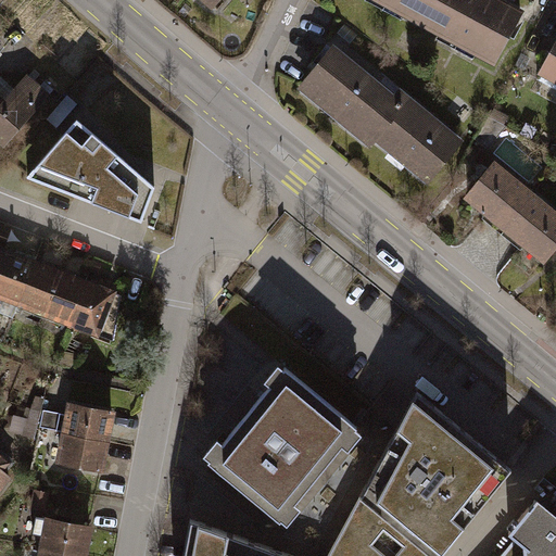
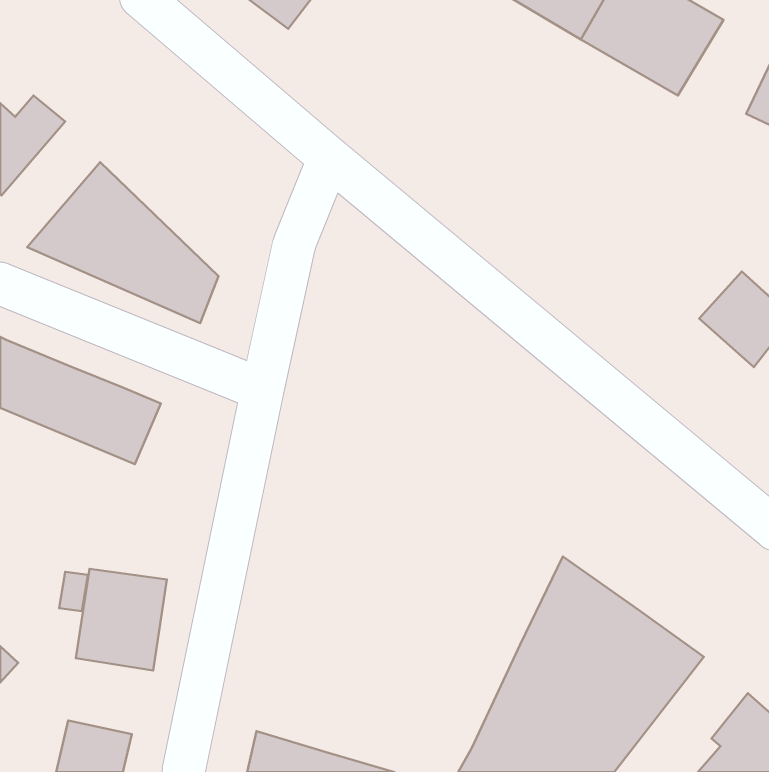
building: [295,48,464,190] -> none
building: [466,160,534,228] -> none
building: [203,371,362,533] -> none

